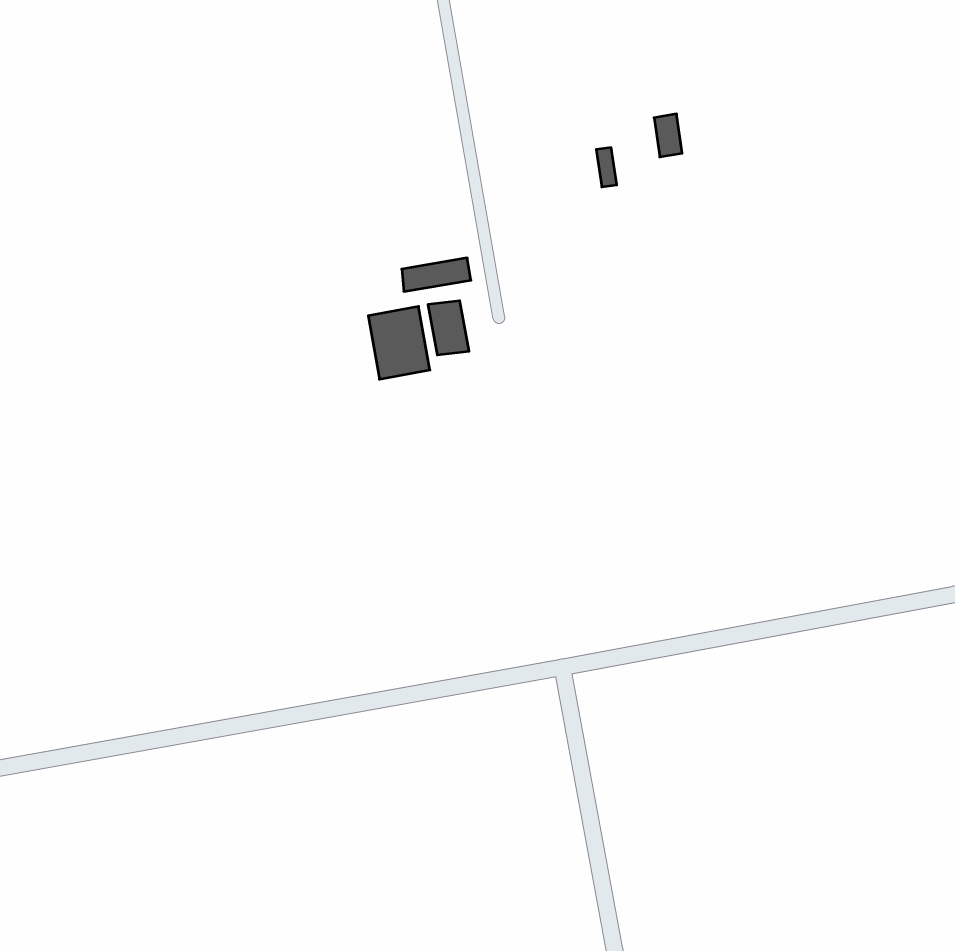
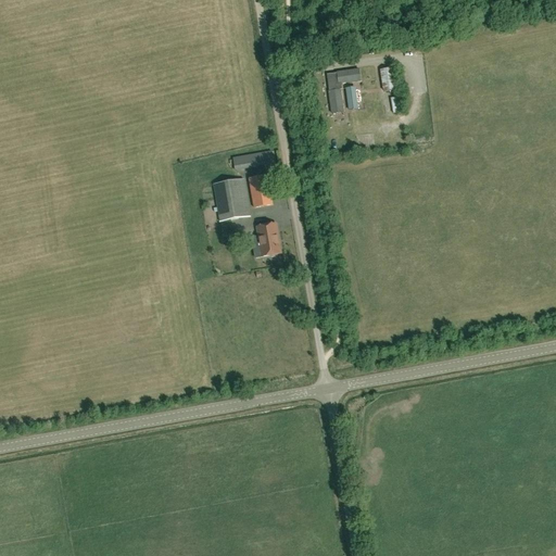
building: none -> [327,67,361,113]
building: none -> [256,223,280,256]

